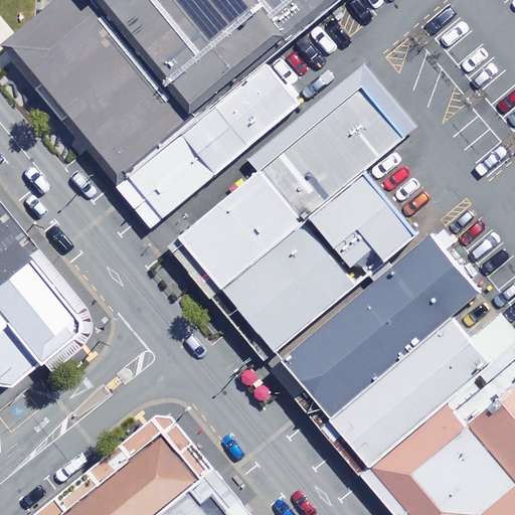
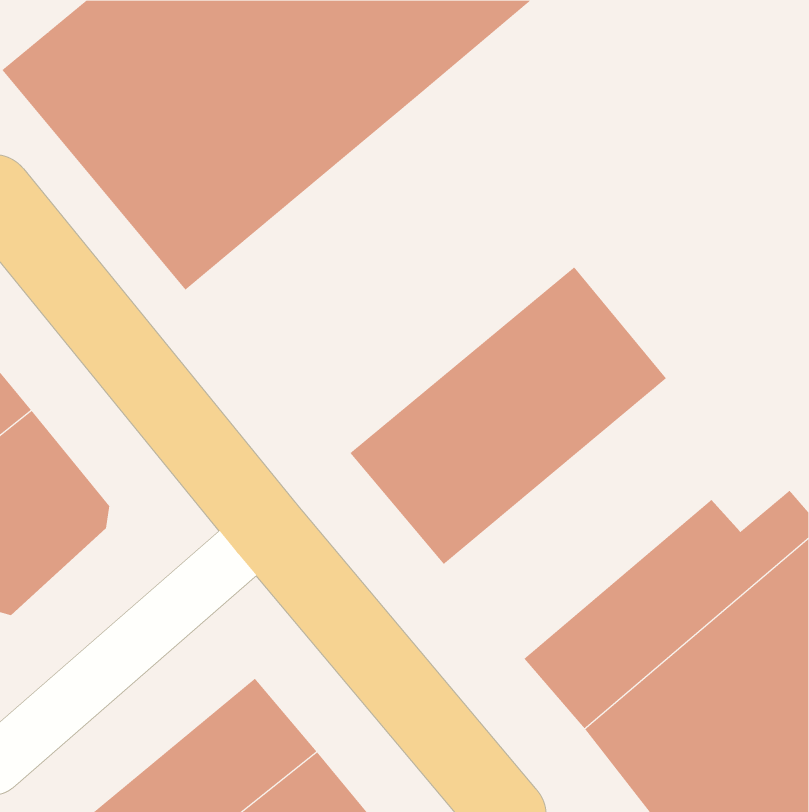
building: [117,63,298,228] -> none
building: [177,84,402,288] -> none
building: [280,233,479,417] -> none

